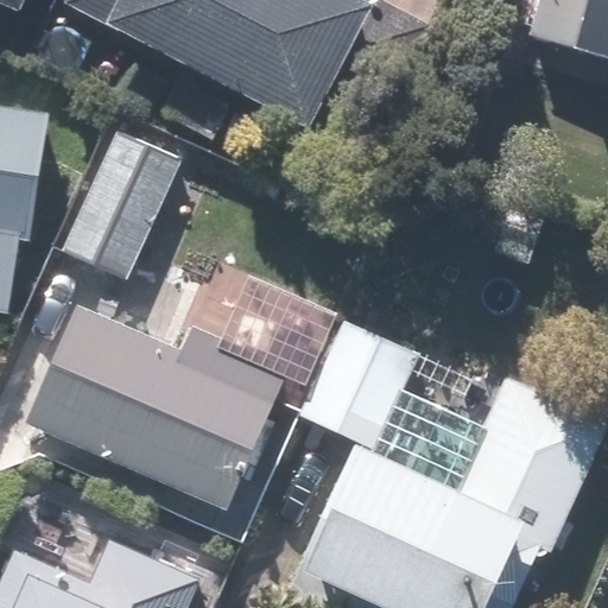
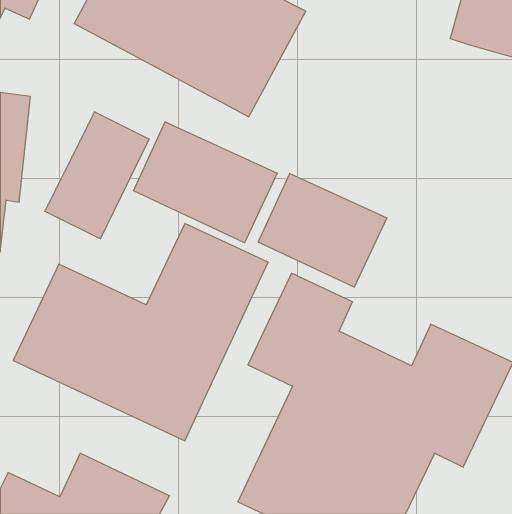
building: none -> [133,122,277,243]
building: none -> [258,173,387,287]

